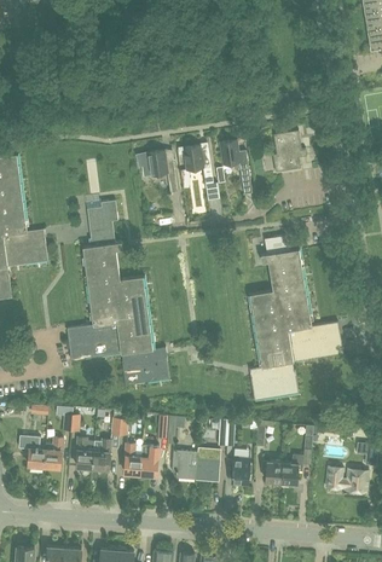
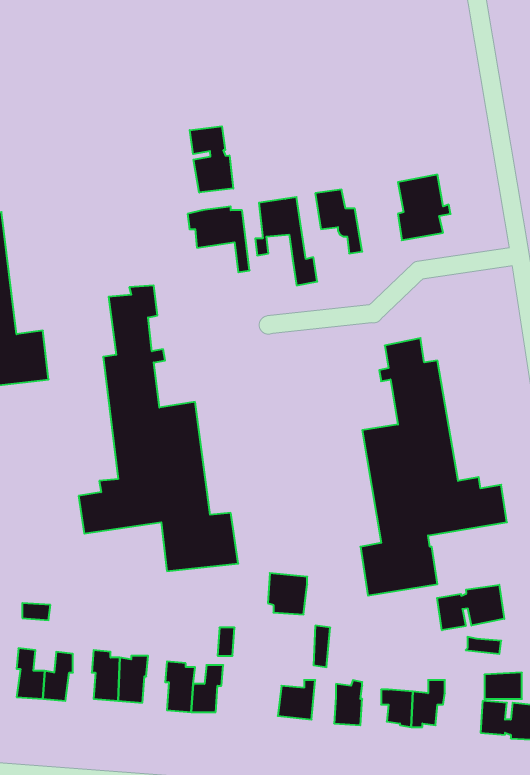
building: none -> [190,126,233,193]
building: none -> [437,585,504,630]
building: [172,451,197,477] -> [268,573,307,614]

